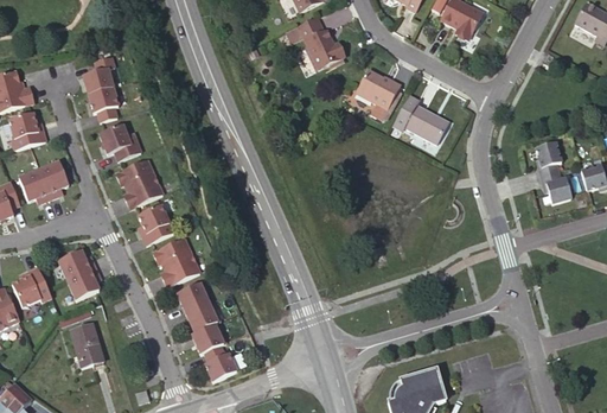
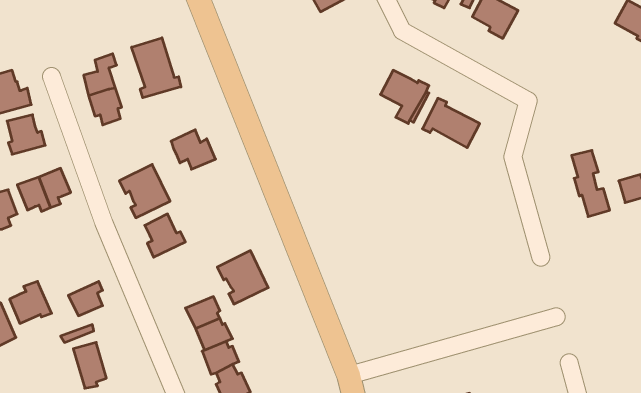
building: [289,18,349,69] -> none
building: none -> [132,38,181,98]
building: [98,122,140,159] -> [171,130,216,169]
building: [152,235,199,285] -> [217,251,268,304]
building: [58,248,95,279] -> none

